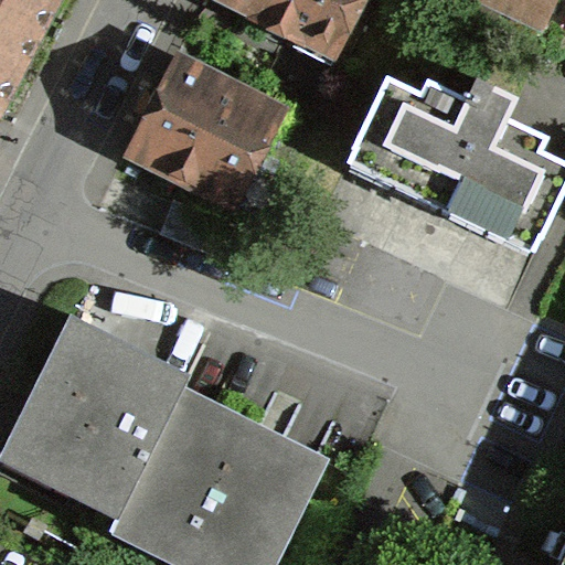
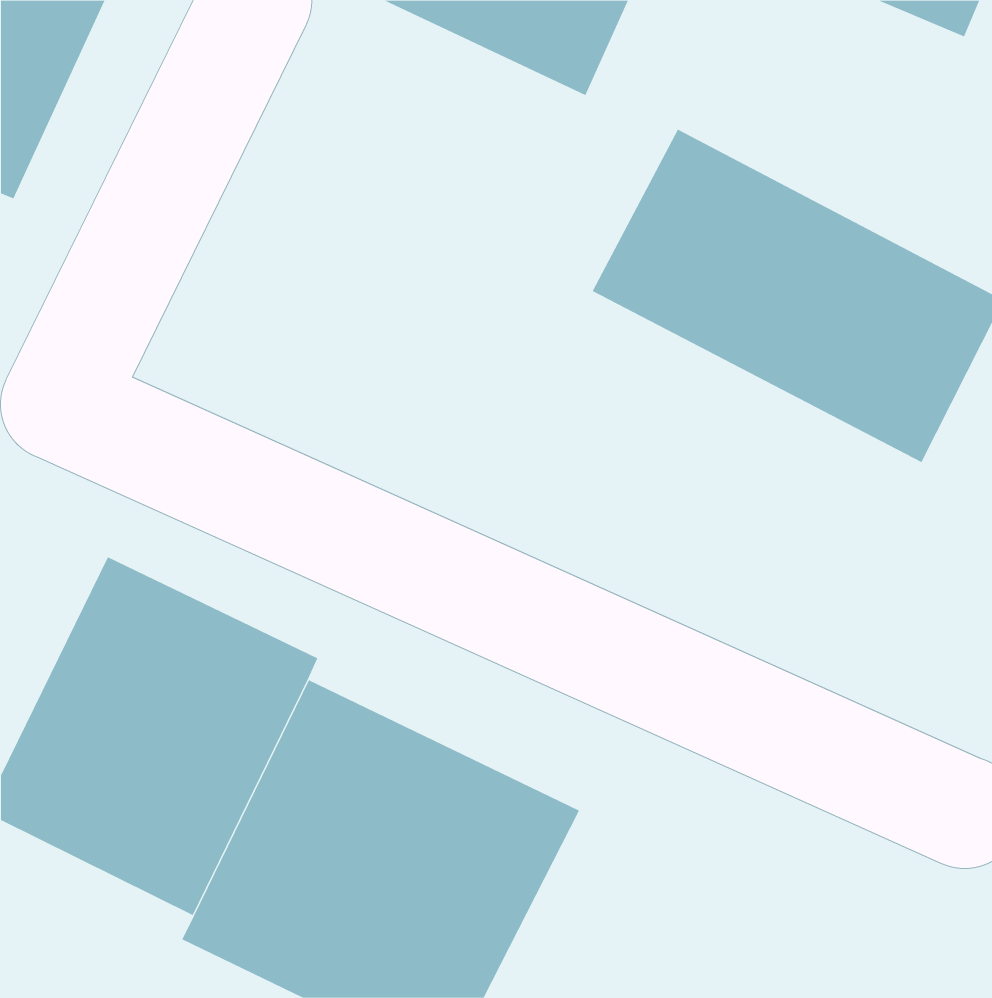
building: [130,54,281,204] -> none

